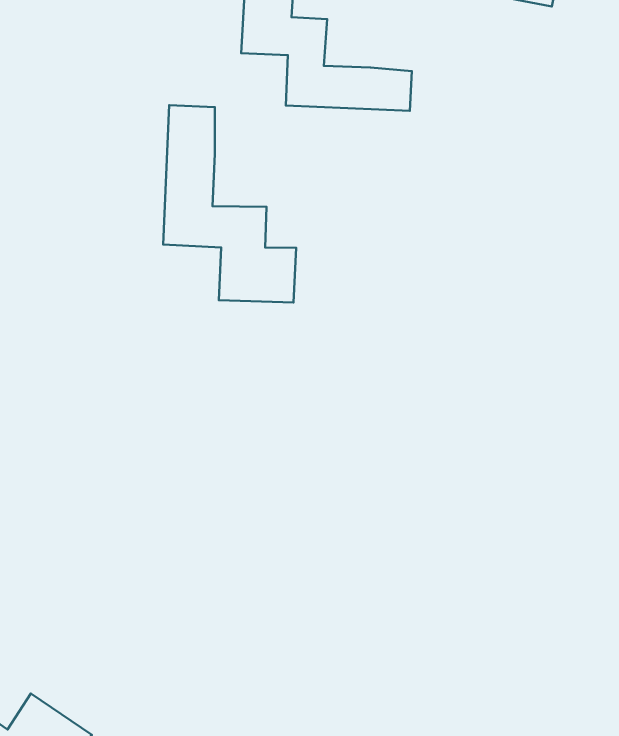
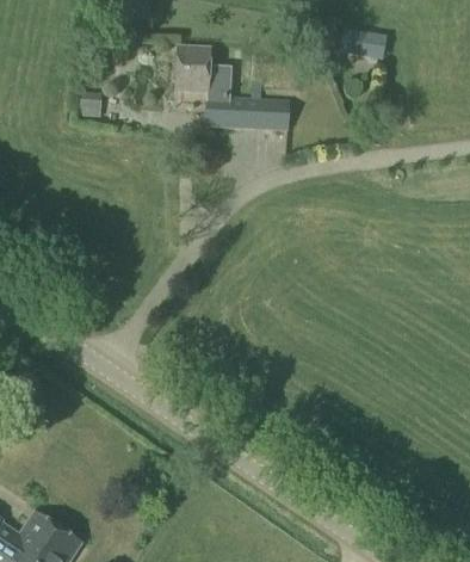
building: [163,105,296,303] -> none

